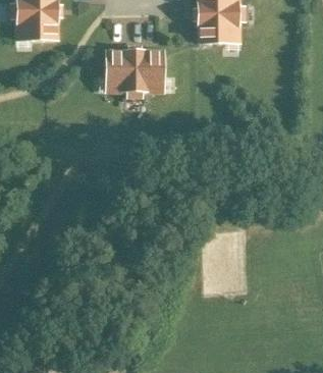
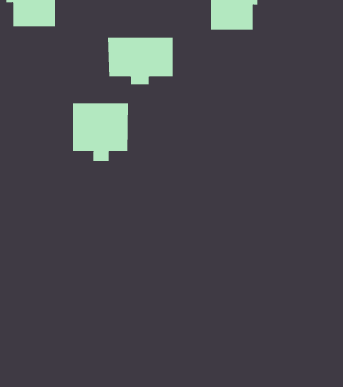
building: none -> [73,103,129,162]

